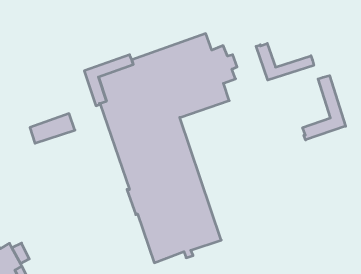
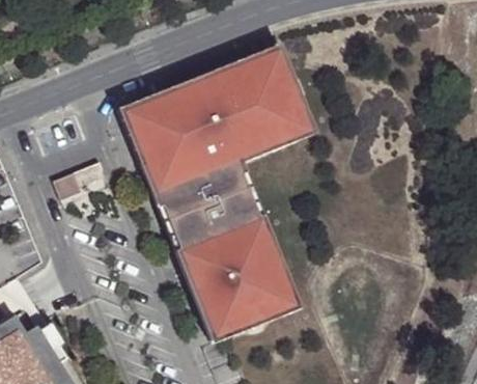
building: [256,43,314,80] -> none
building: [303,76,346,140] -> none

